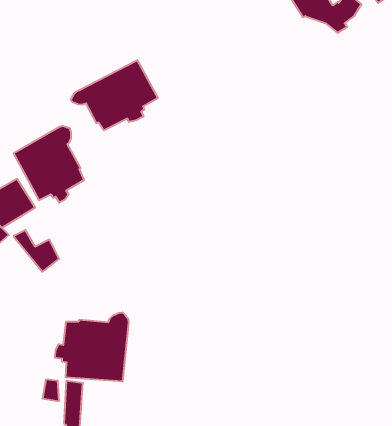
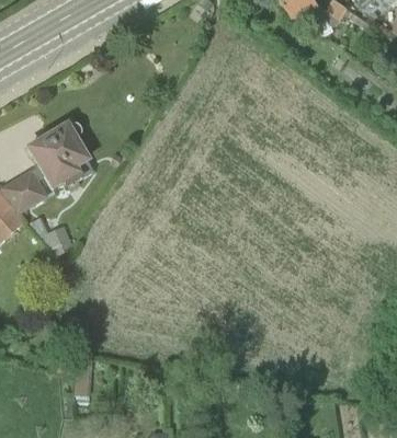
building: [71,60,158,130] -> none
building: [55,312,129,382] -> none

